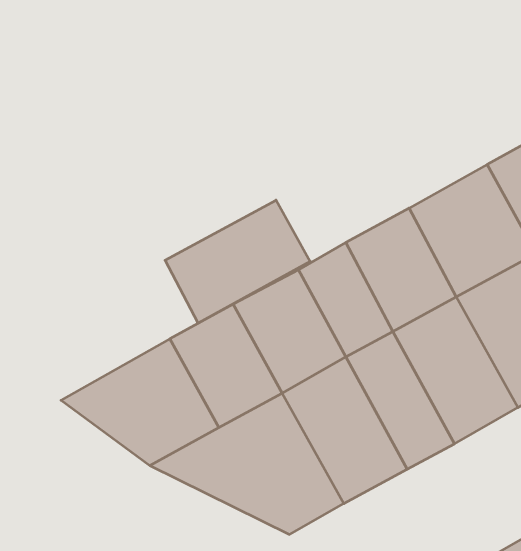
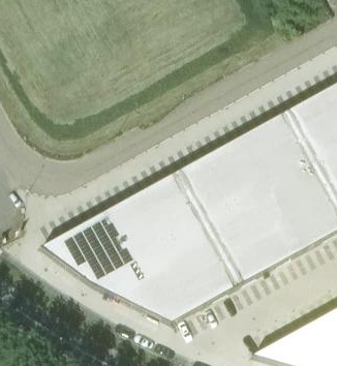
building: [165,200,310,323] -> none

